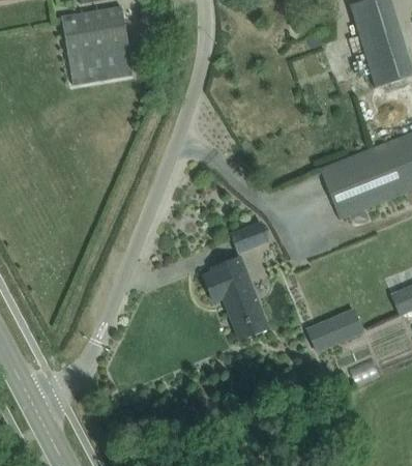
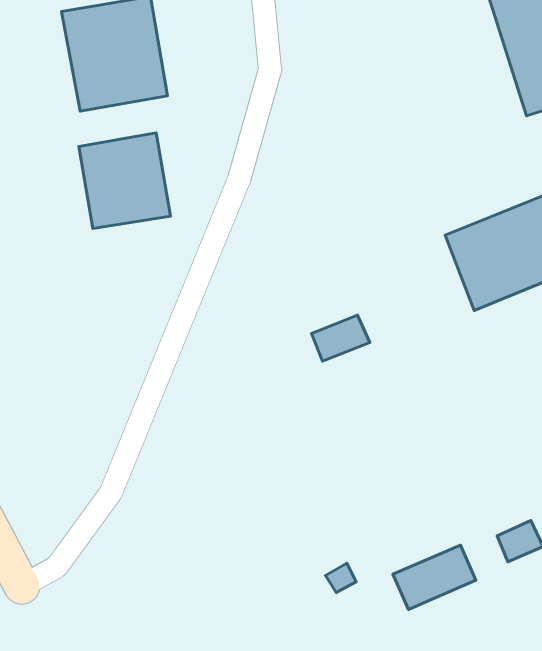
building: none -> [79,133,171,229]
building: [204,257,270,336] -> none
building: [308,309,364,352] -> [393,545,476,609]

